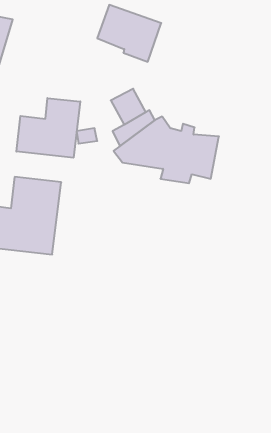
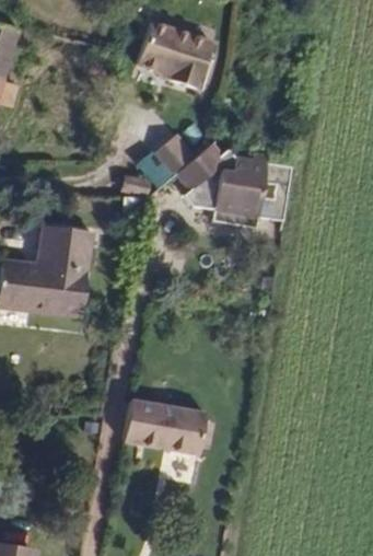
building: [16,98,80,158] -> none
building: none -> [119,395,203,453]

